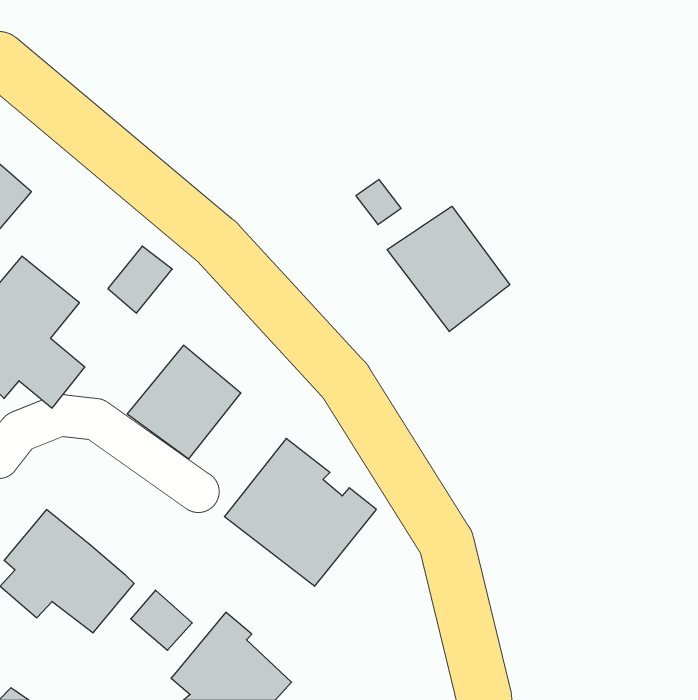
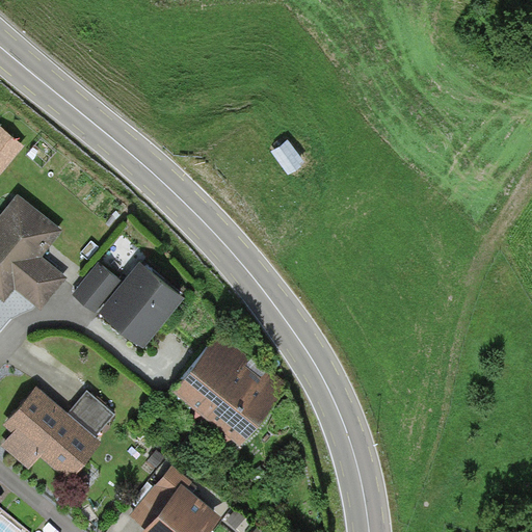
building: [387,206,510,332] -> none
building: [108,246,172,313] -> [72,262,121,313]
building: [131,590,192,650] -> [68,391,114,436]

